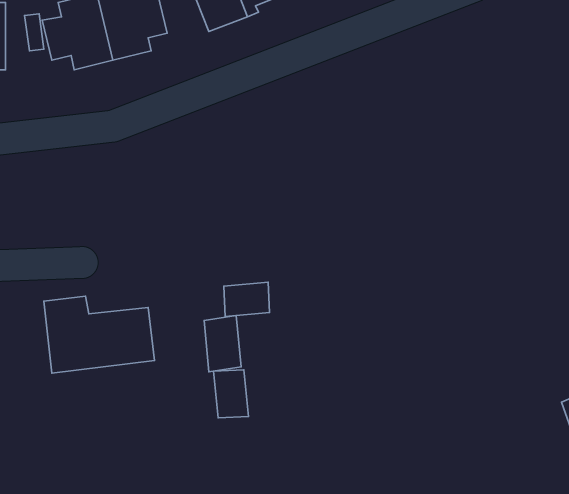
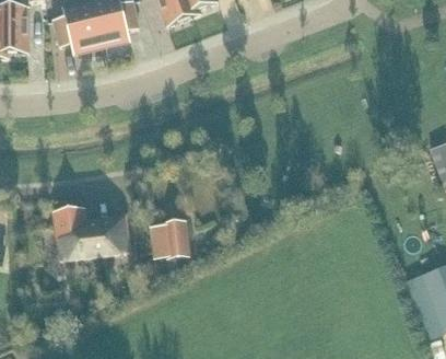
building: [224,282,269,317] -> none
building: [214,370,248,418] -> none

